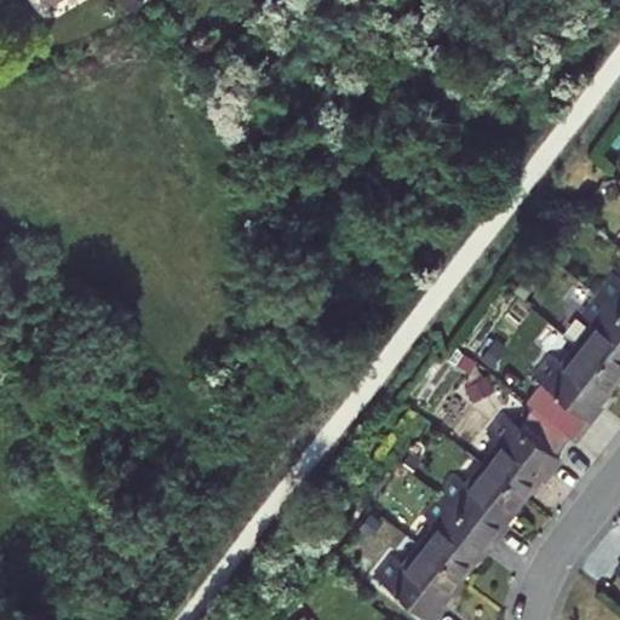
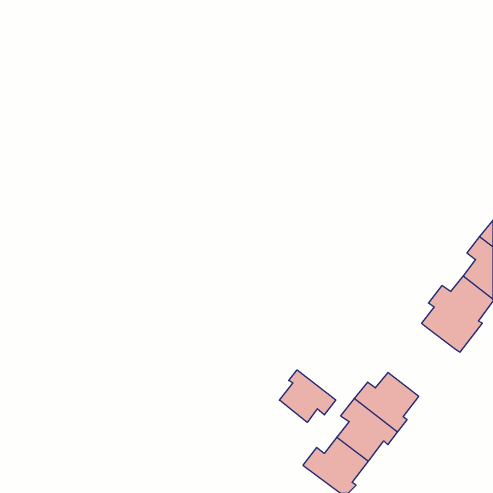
building: [487,411,572,498] -> none
building: none -> [279,370,336,422]

